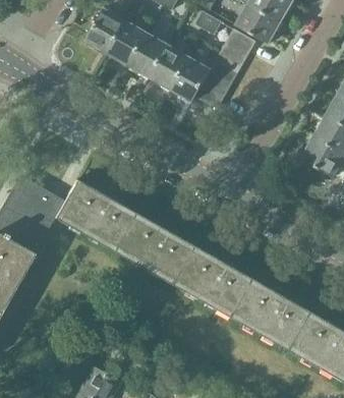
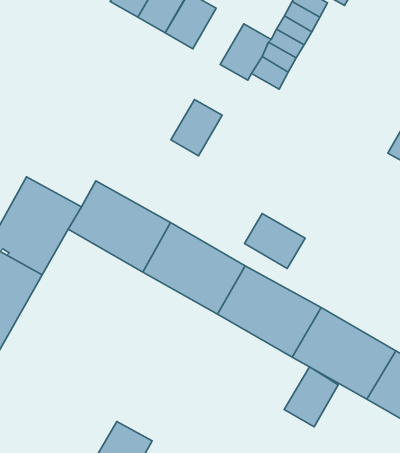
building: [152,45,191,89] -> [171,99,222,156]
building: none -> [244,213,305,268]
building: none -> [284,367,338,427]

